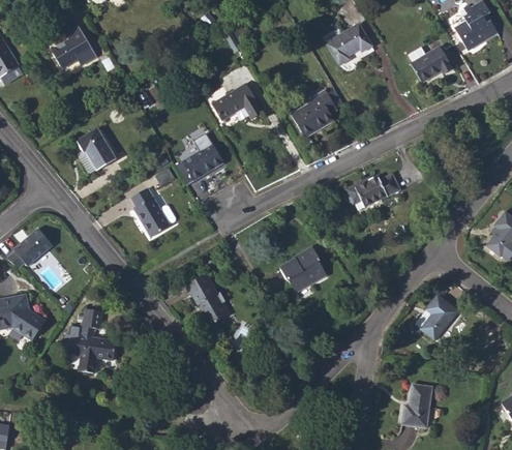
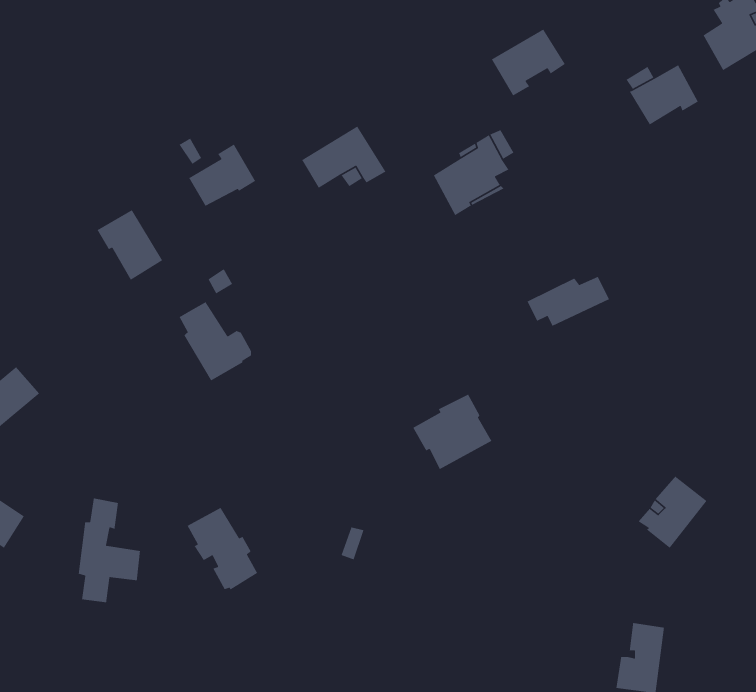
building: [50,25,96,68] -> none
building: [182,141,223,179] -> [188,144,256,207]
building: [185,273,229,324] -> [187,507,258,590]

